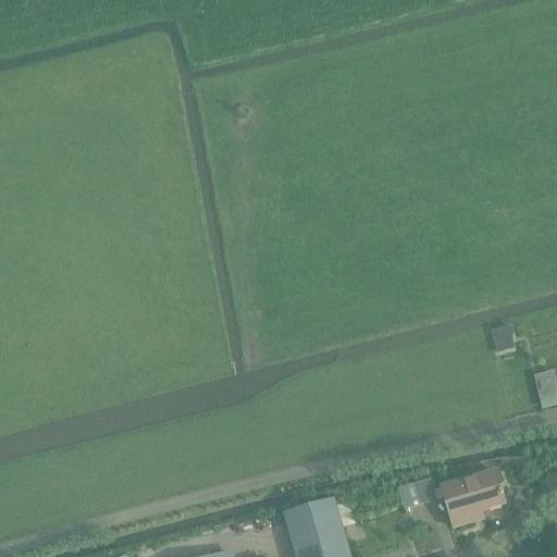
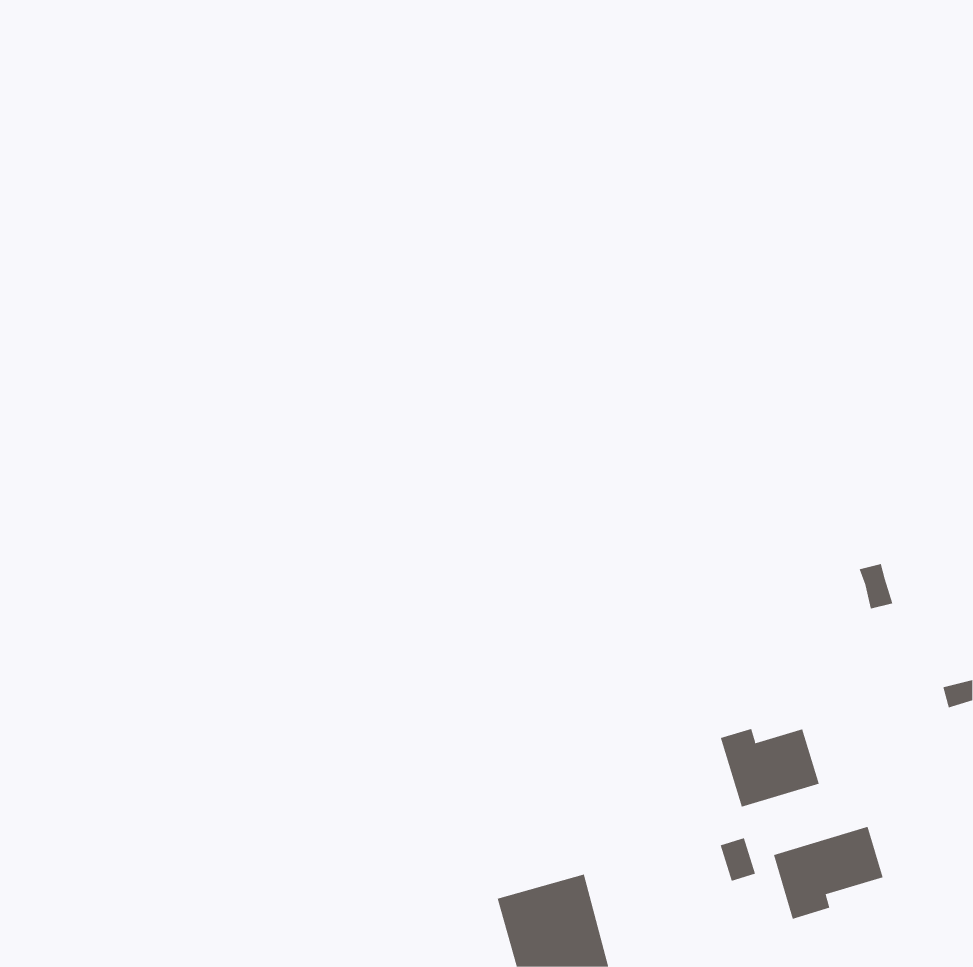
building: none -> [720,728,819,808]

